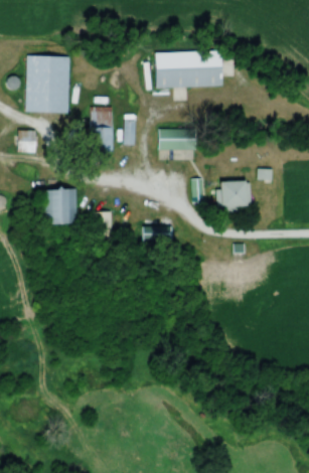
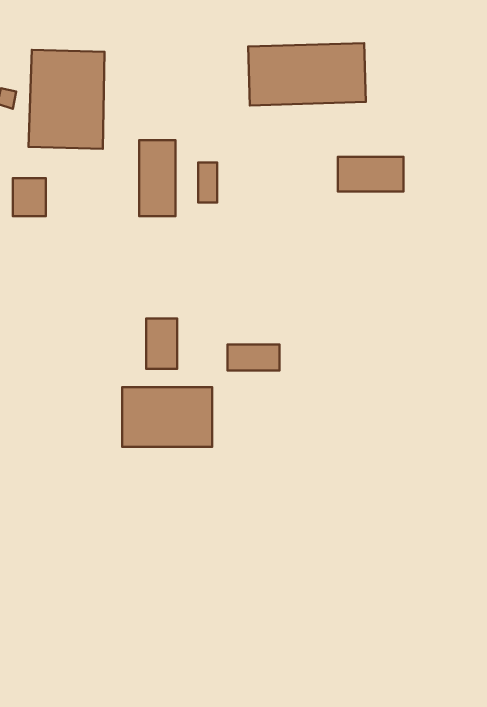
building: [157,129,195,149] -> [338,157,404,192]
building: [217,181,251,208] -> none
building: [47,188,76,223] -> none
building: none -> [122,387,212,447]

